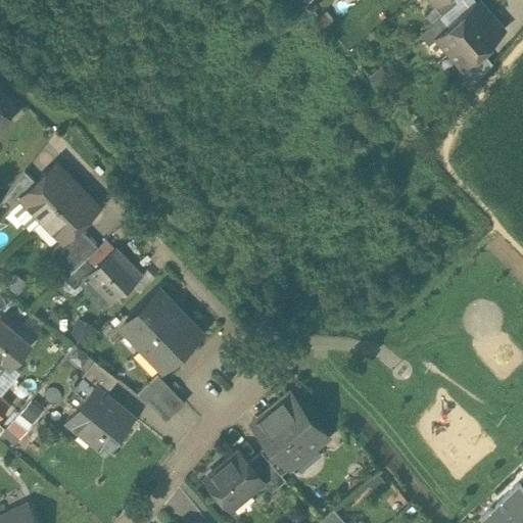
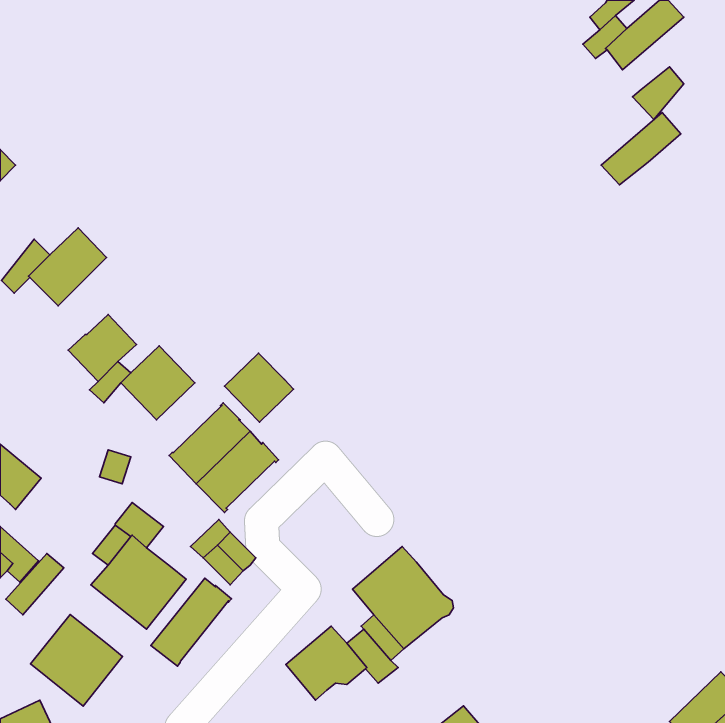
building: [448,15,506,67] -> [601,112,681,185]
building: [43,188,99,243] -> none
building: none -> [225,353,293,422]
building: none -> [151,578,231,666]
building: none -> [31,615,123,706]

